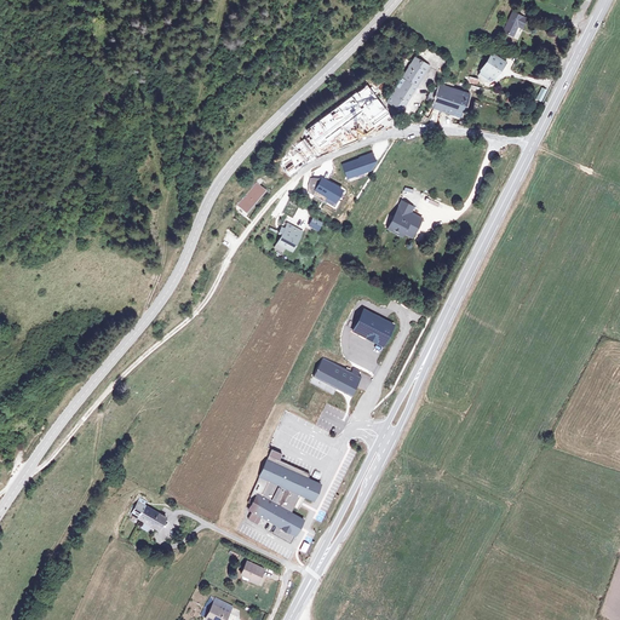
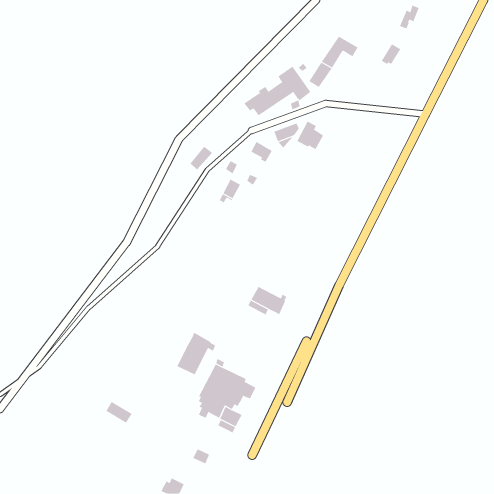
building: [431,84,470,116] -> none
building: [389,202,423,239] -> [297,121,324,150]
building: [352,309,391,344] -> none
building: none -> [176,332,216,375]

